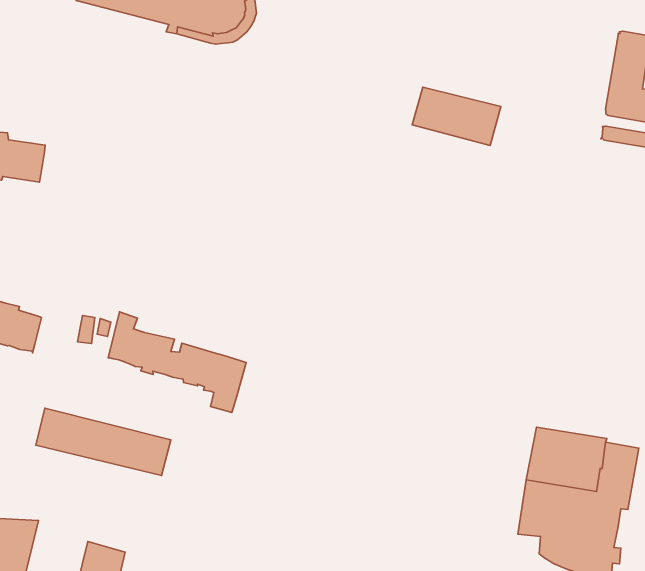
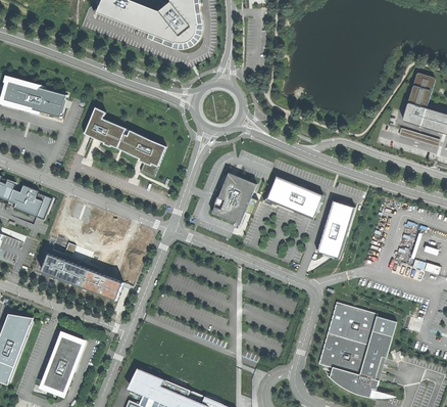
building: [412,87,501,145] -> [266,177,320,217]
building: none -> [210,173,255,225]
building: none -> [317,201,354,257]
building: [108,312,246,412] -> [84,107,165,176]

